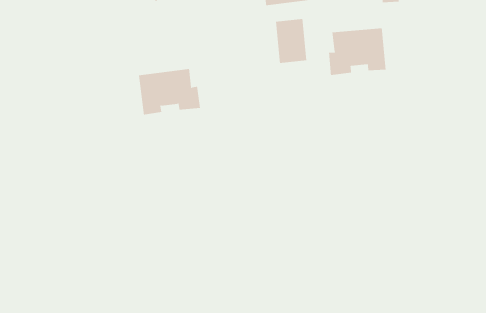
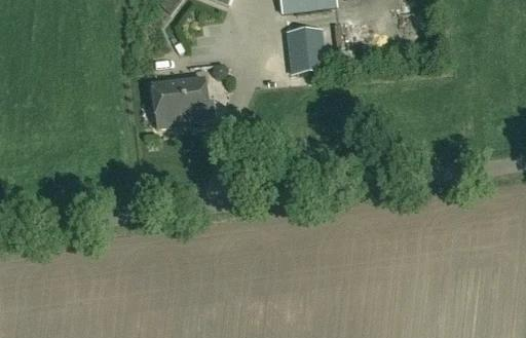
building: [328,28,386,76] -> none

